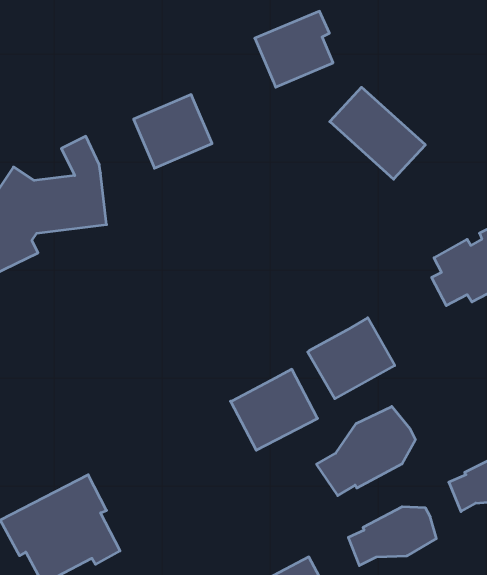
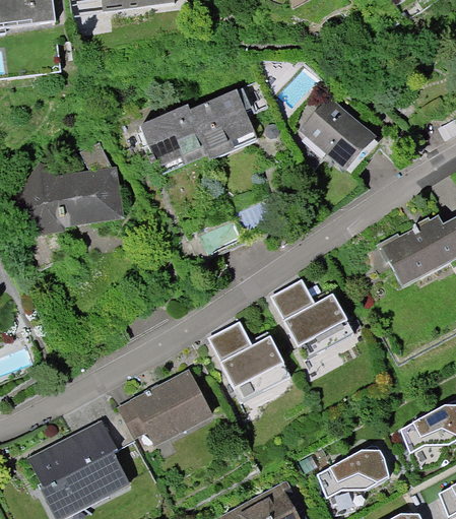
building: [255,11,333,87] -> [189,89,254,152]
building: none -> [271,277,316,319]
building: none -> [208,320,253,361]
building: [317,406,415,496] -> none
building: none -> [119,374,210,444]

